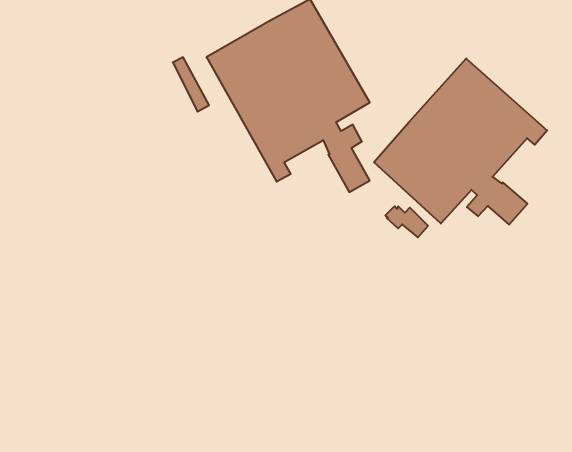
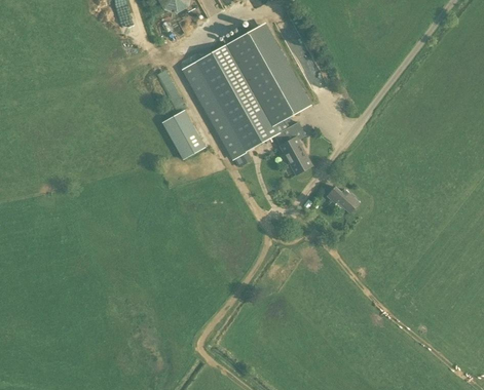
building: [374,58,547,225] -> none
building: none -> [162,110,206,159]

